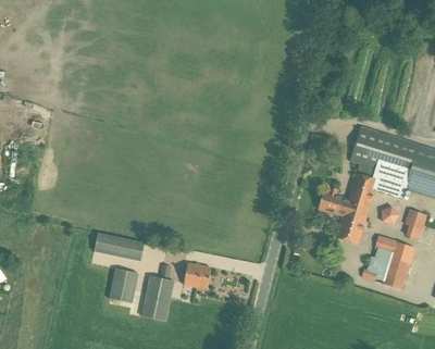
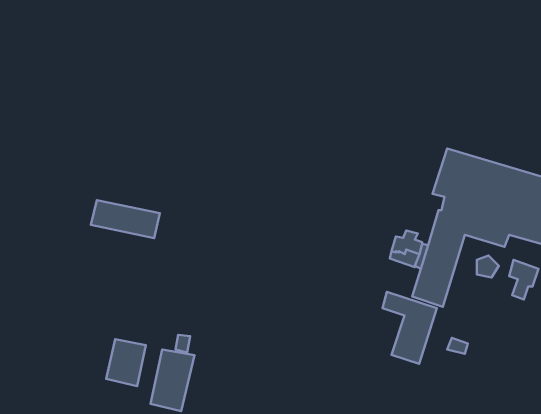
building: [92,233,144,261] -> [91,200,160,238]
building: [374,236,414,289] -> [383,292,437,364]
building: [182,263,210,288] -> none

